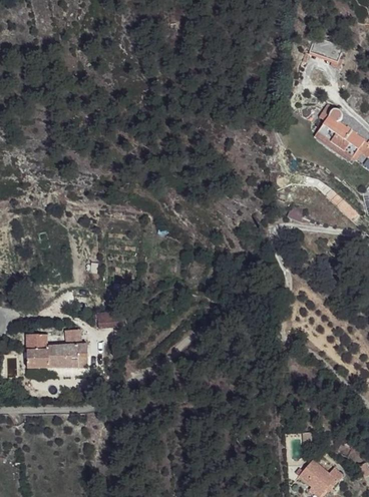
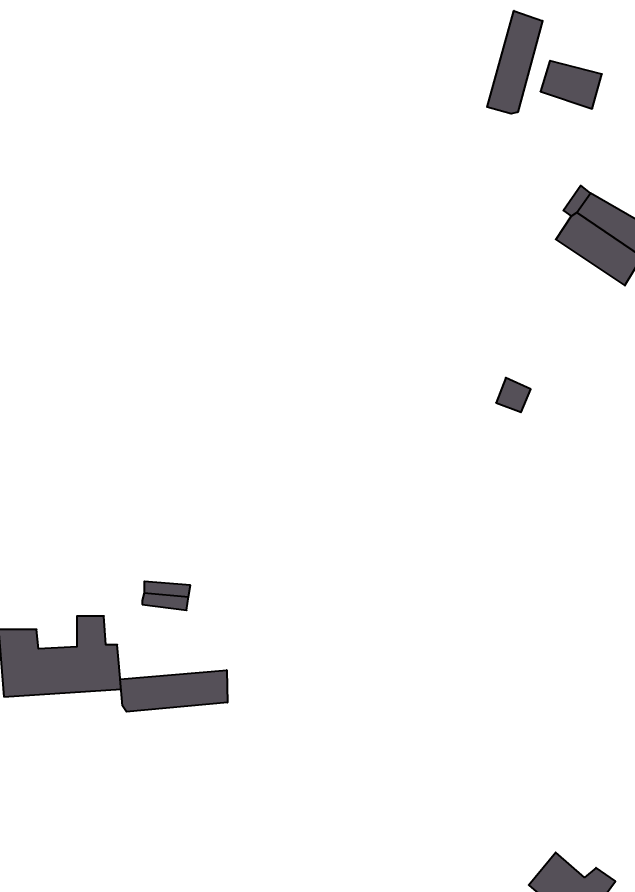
building: none -> [487,11,543,114]
building: none -> [120,670,227,712]

